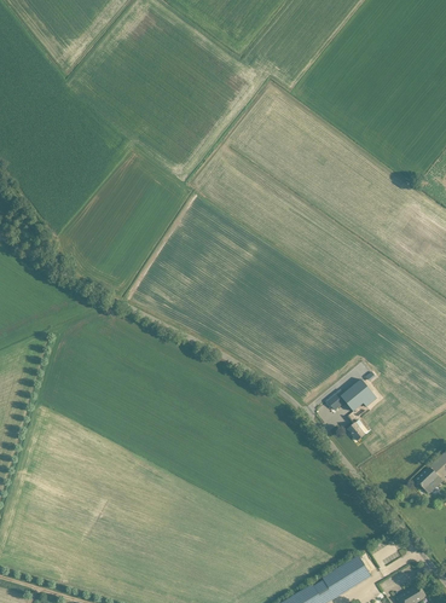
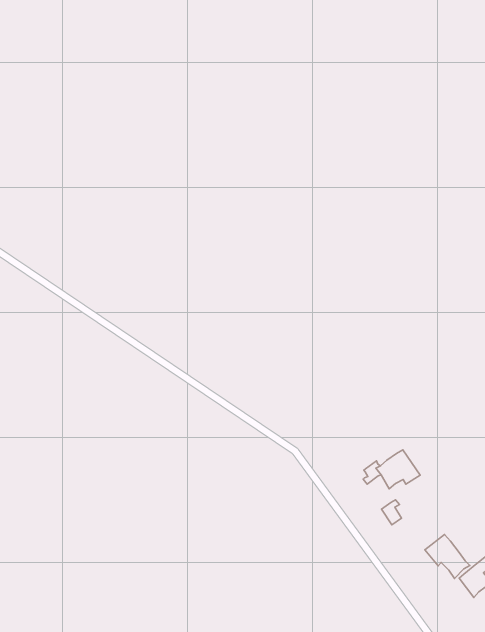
building: none -> [425,534,470,578]

